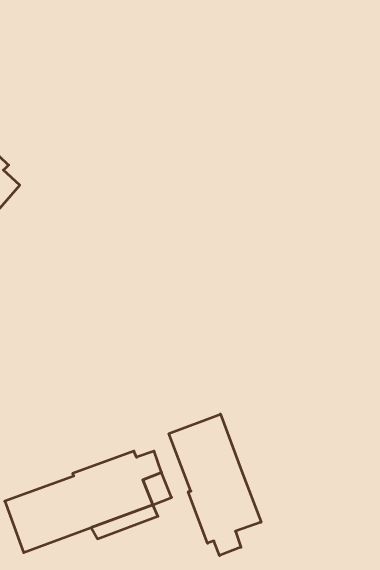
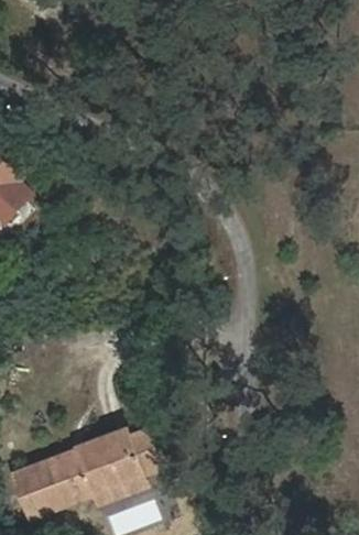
building: [169,414,261,556] -> none

